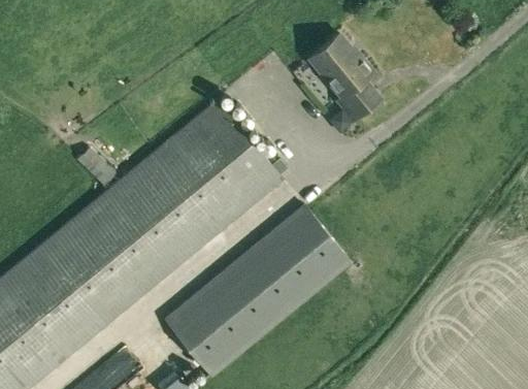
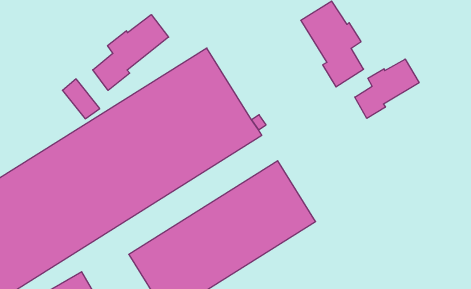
building: none -> [93,15,169,90]
building: none -> [355,59,419,118]

